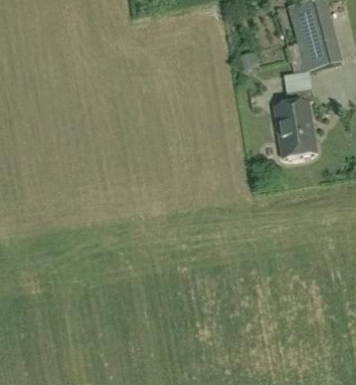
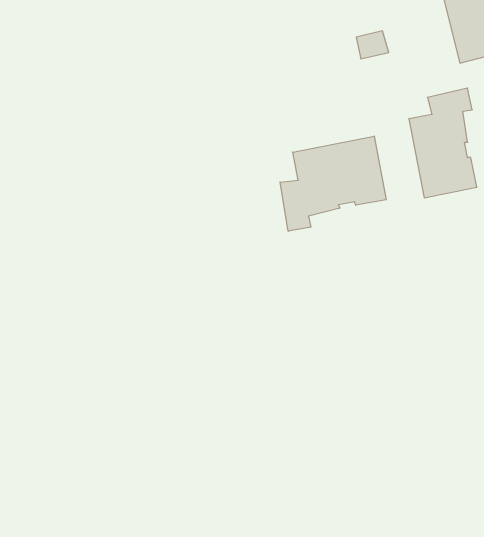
building: none -> [280,136,386,231]

